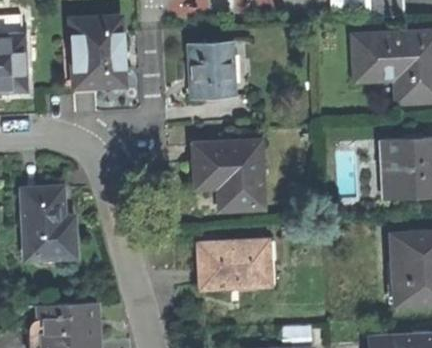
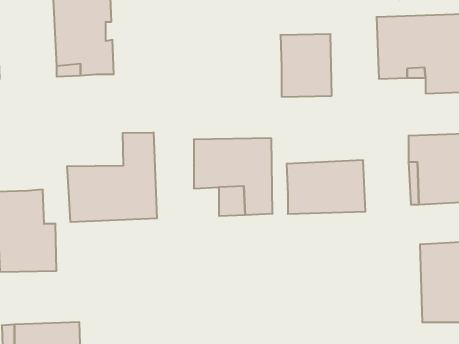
building: [189,41,234,96] -> [280,34,332,97]
building: none -> [67,132,157,222]
building: [202,239,271,286] -> [287,160,365,214]

